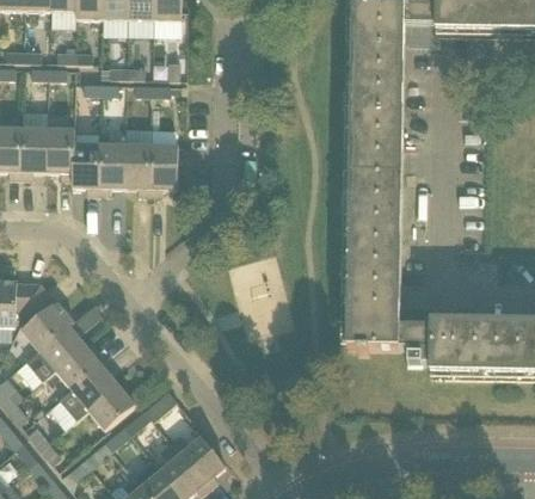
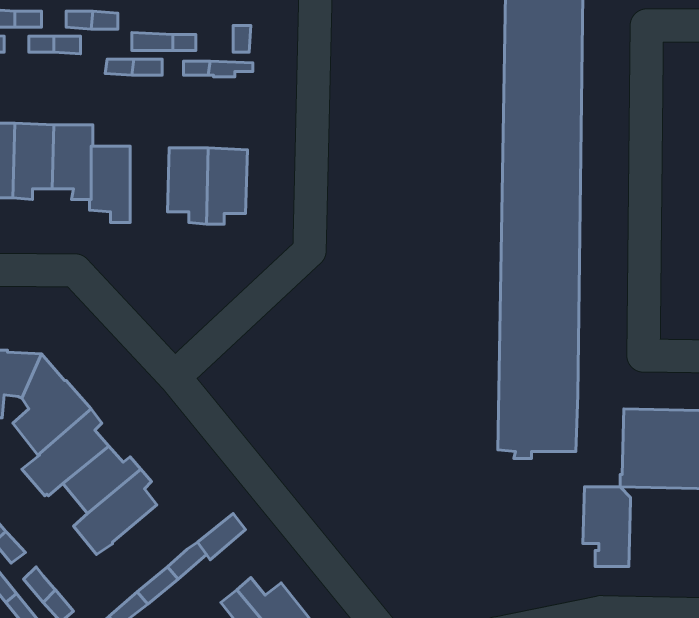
building: [98,143,124,195] -> none
building: [398,310,430,364] -> [583,487,631,567]
building: [86,384,139,430] -> none

